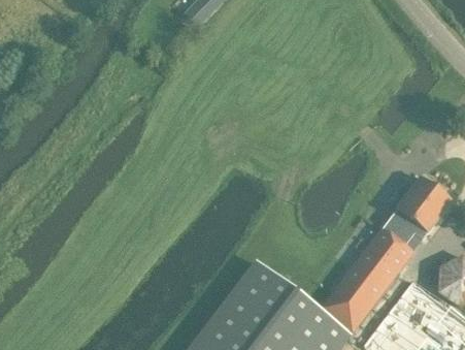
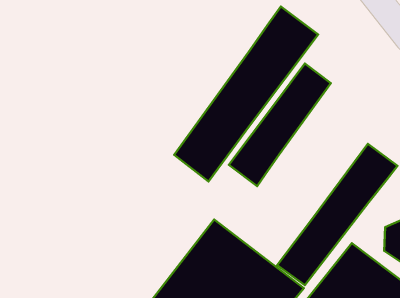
building: none -> [174,6,318,181]
building: none -> [229,63,331,186]

